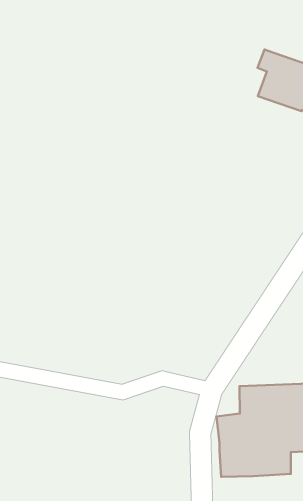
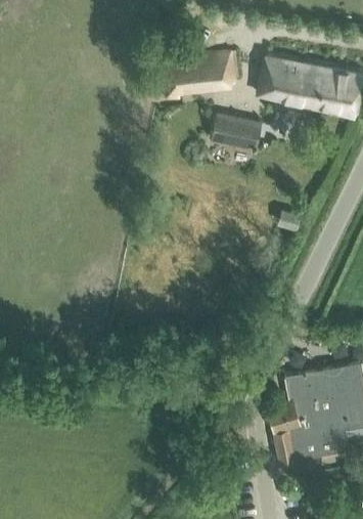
building: none -> [163,51,238,99]
building: none -> [213,113,263,150]

